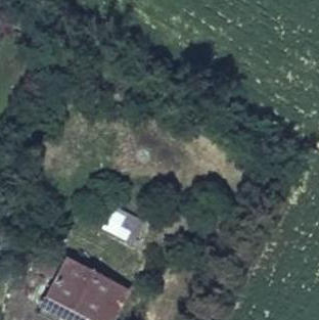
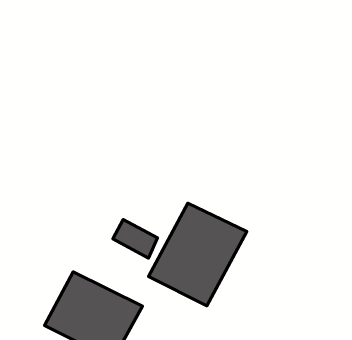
building: none -> [149,203,247,306]

